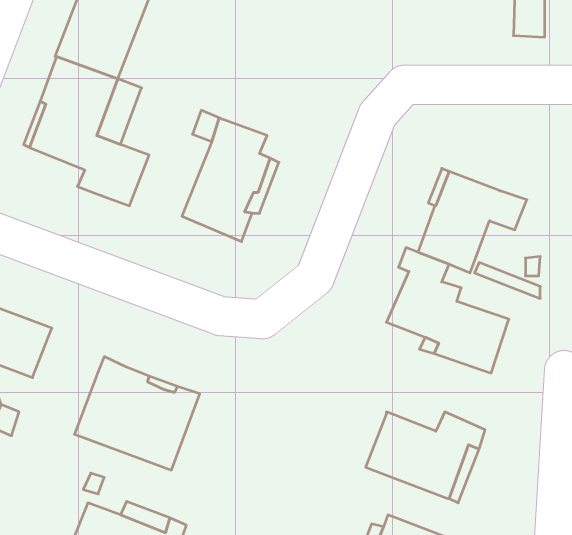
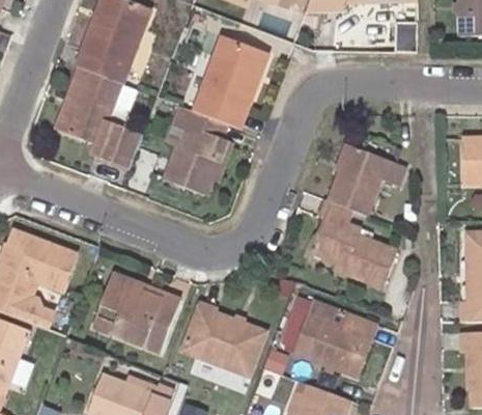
building: none -> [194,37,266,127]
building: none -> [181,307,263,376]

